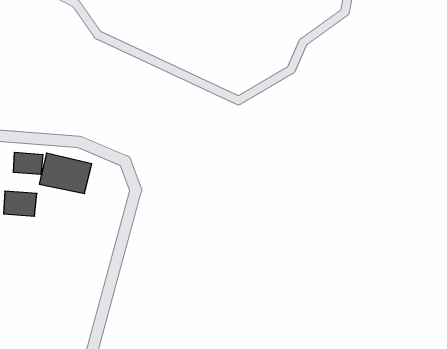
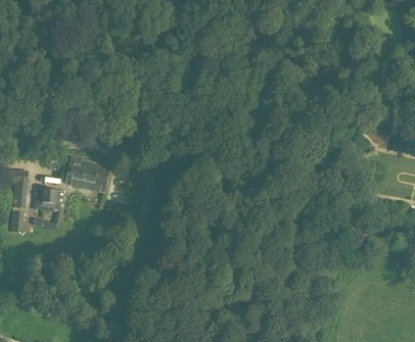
building: [14,152,43,174] -> none

